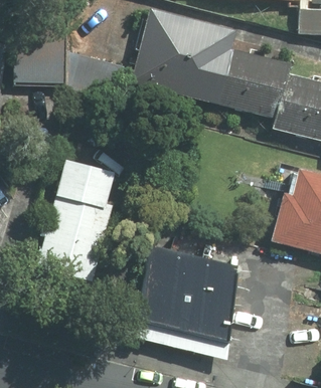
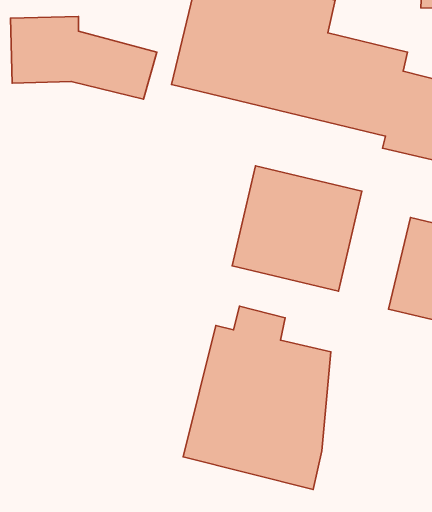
building: none -> [232,166,362,291]
building: [37,161,111,279] -> none

